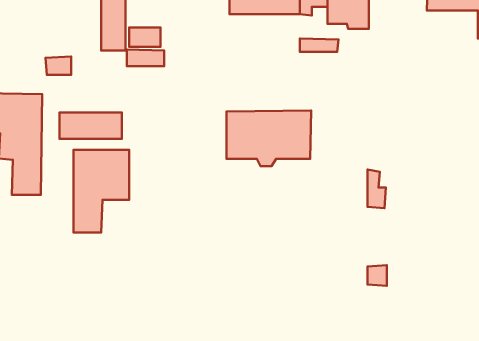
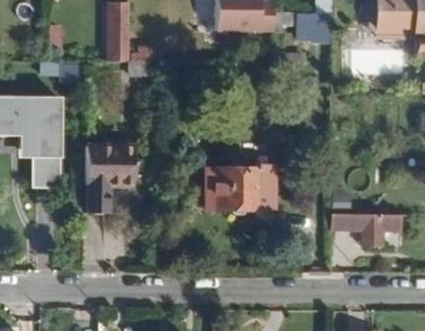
building: [227,110,311,166] -> [205,167,275,213]
building: [59,113,122,139] -> none
building: none -> [330,212,401,247]

